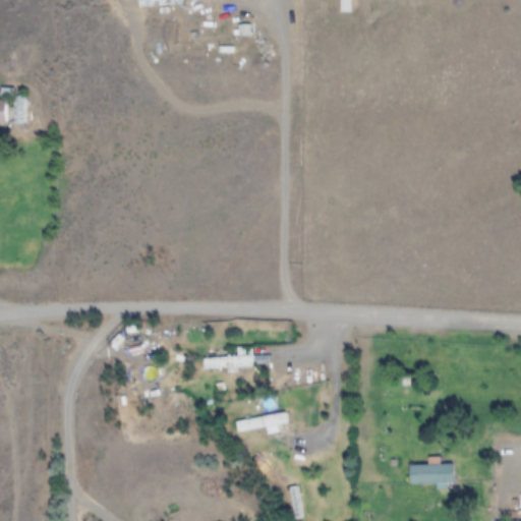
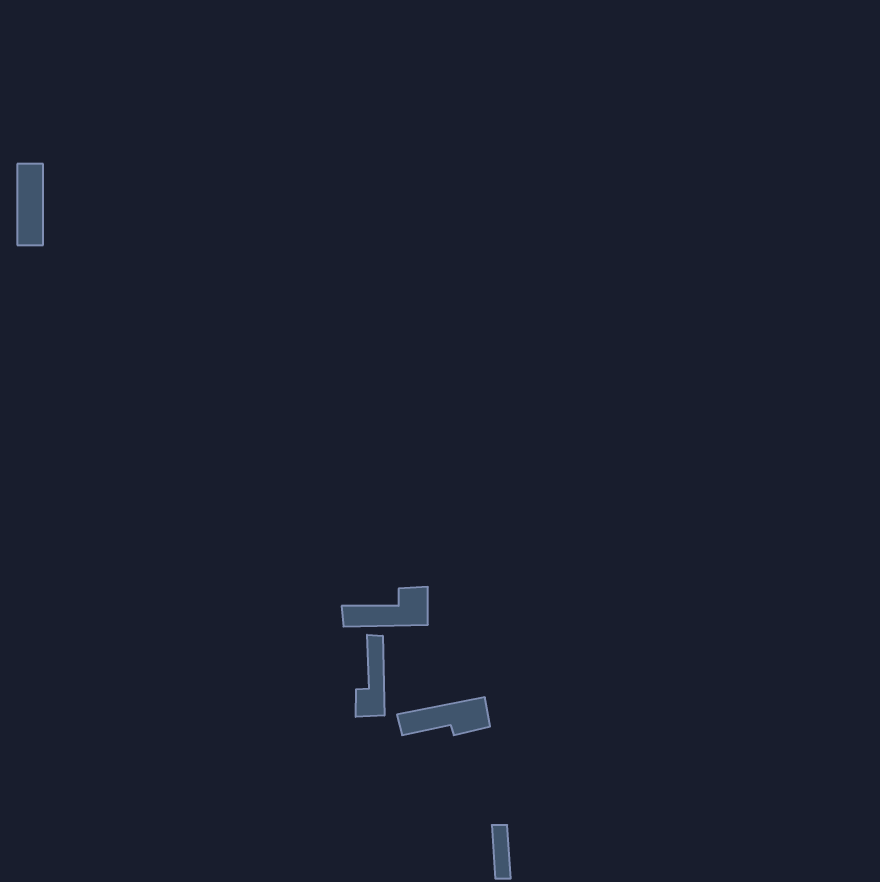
building: none -> [356,635,384,717]
building: [408,463,453,483] -> none

